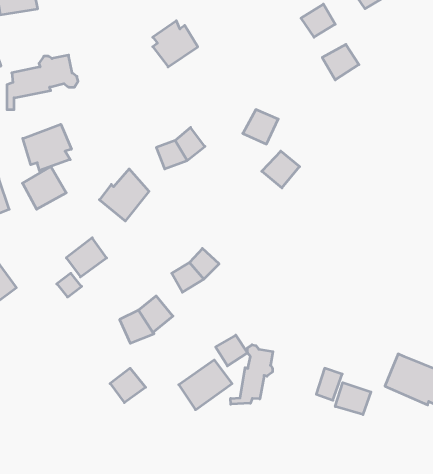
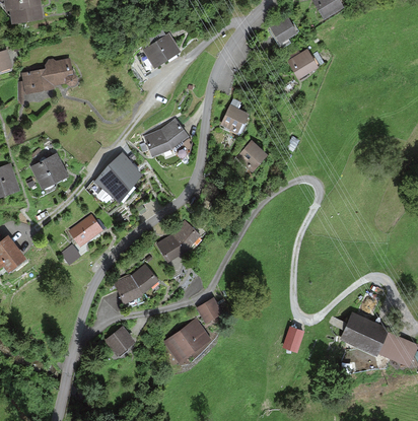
building: [23,124,71,171] -> none
building: [231,345,273,404] -> none
building: [335,383,371,415] -> none

